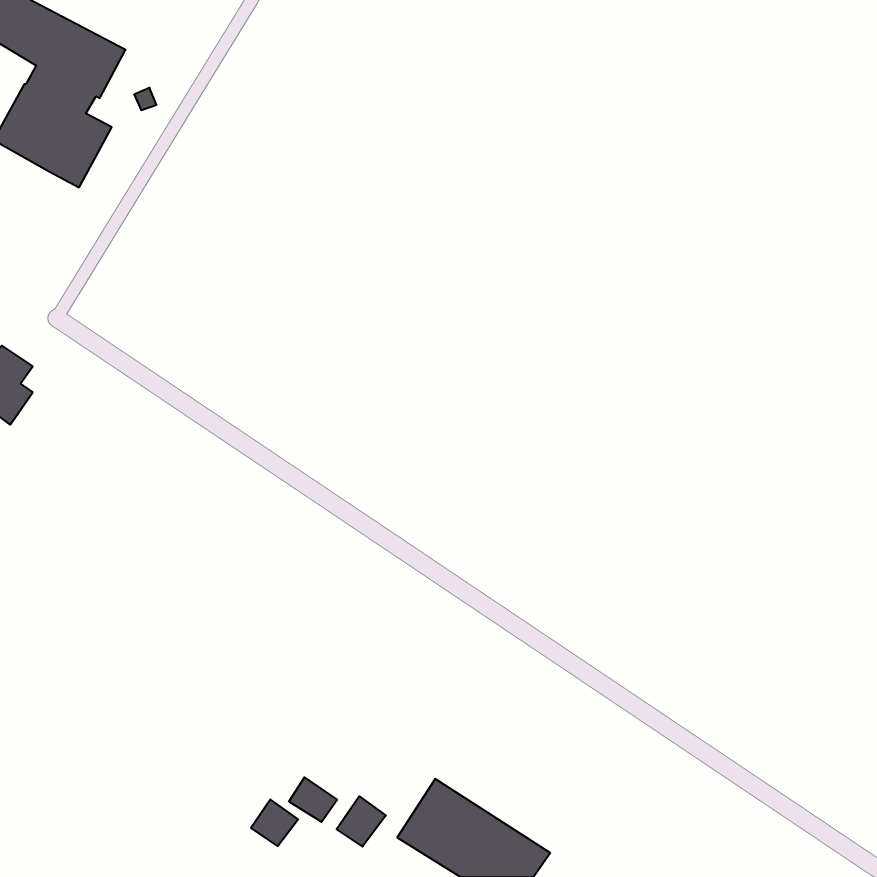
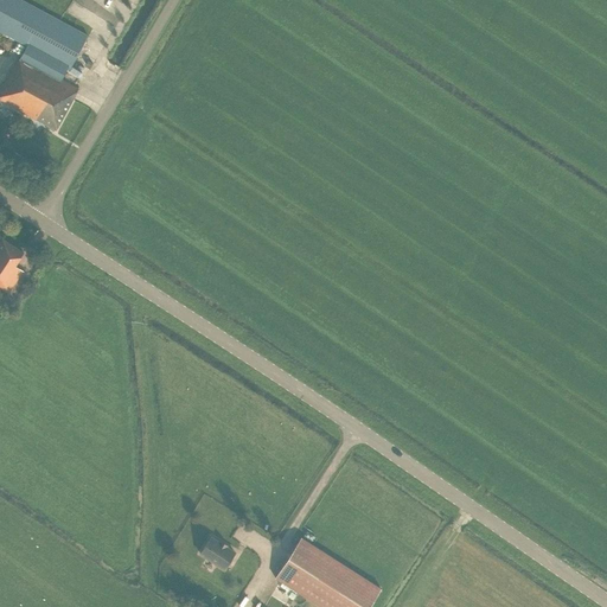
building: [337,796,386,847] -> none
building: [251,799,298,846] -> none

